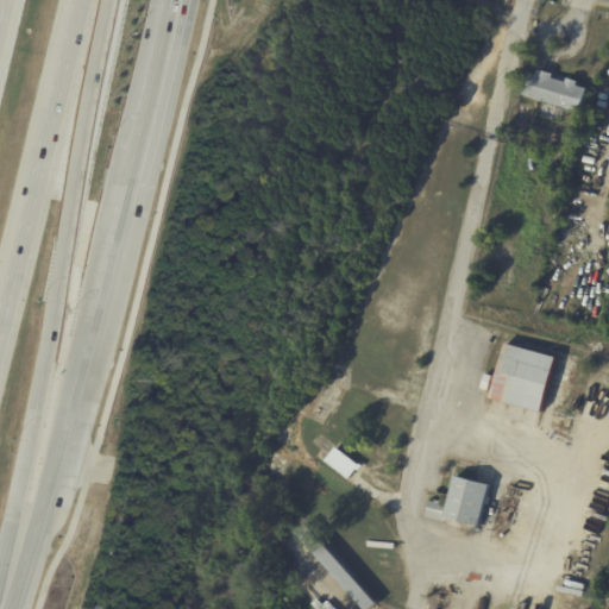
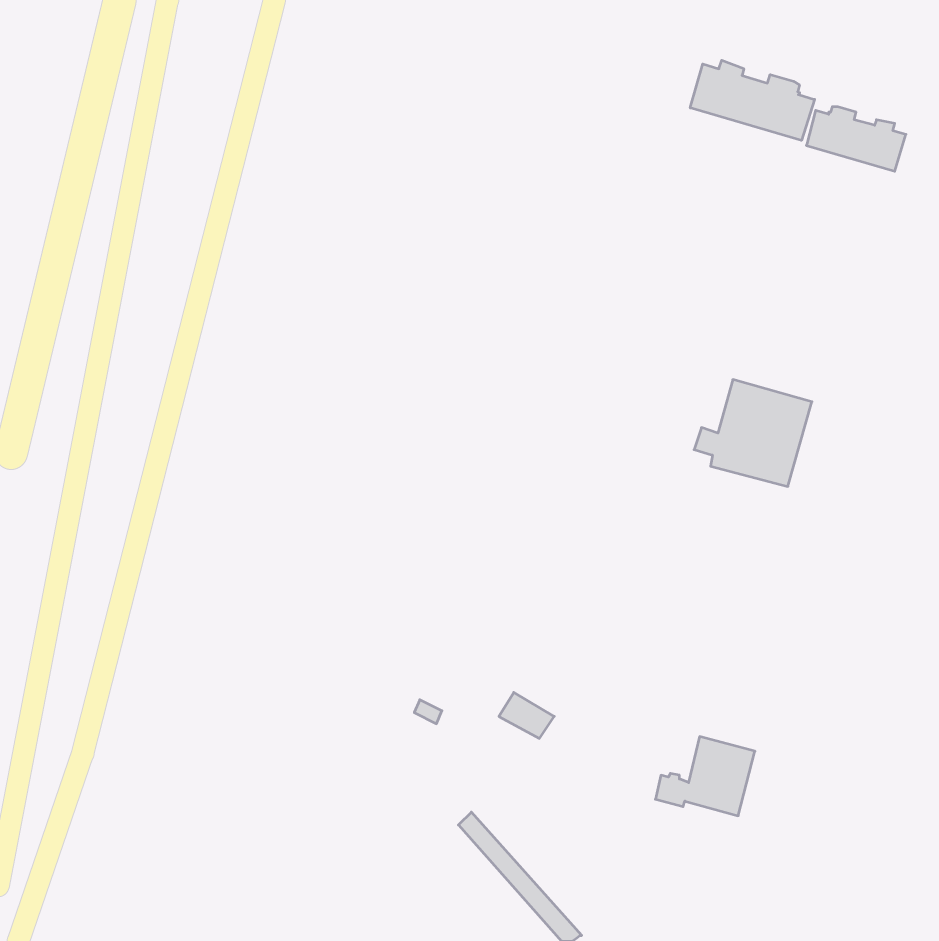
building: none -> [690,60,815,140]
building: [481,343,557,412] -> [694,380,812,486]

